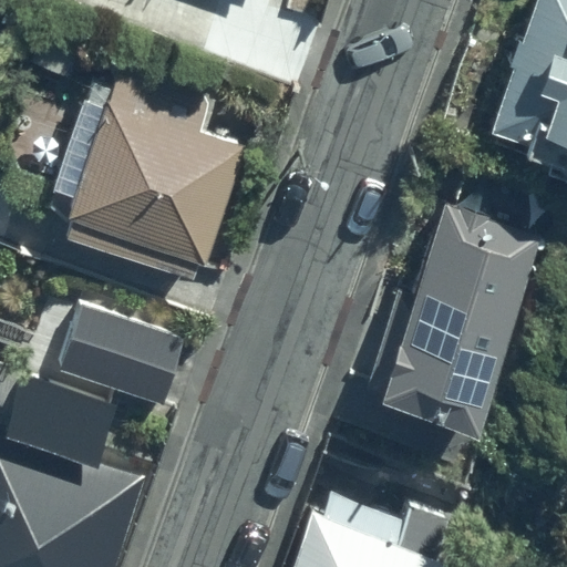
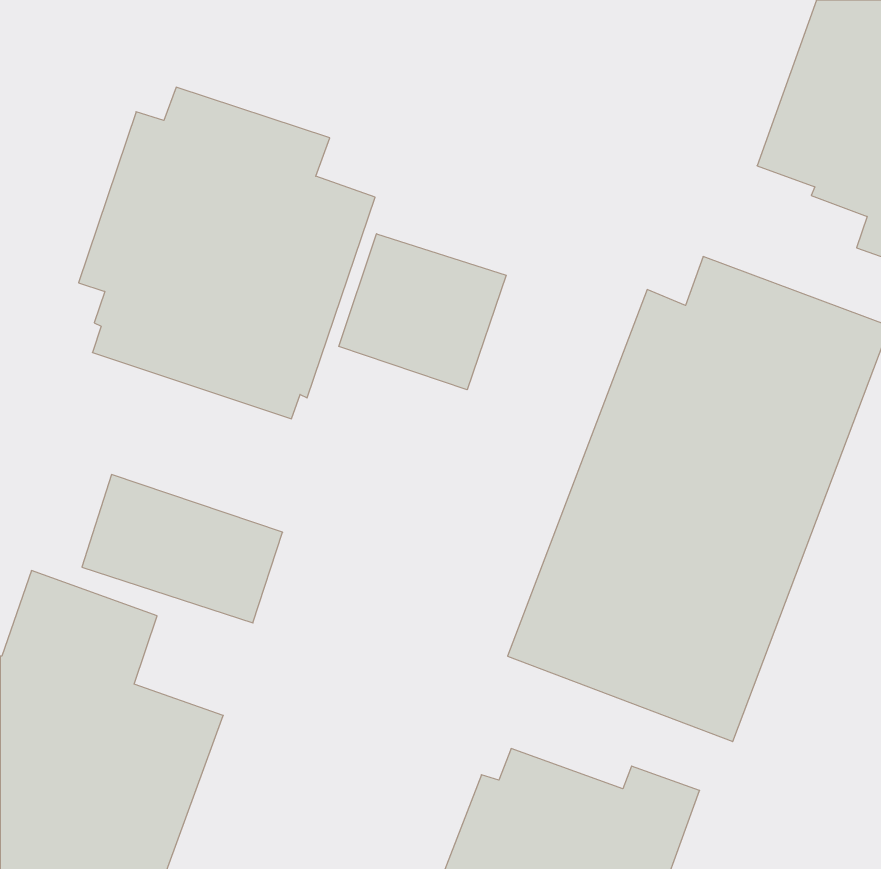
building: none -> [339,234,506,390]

